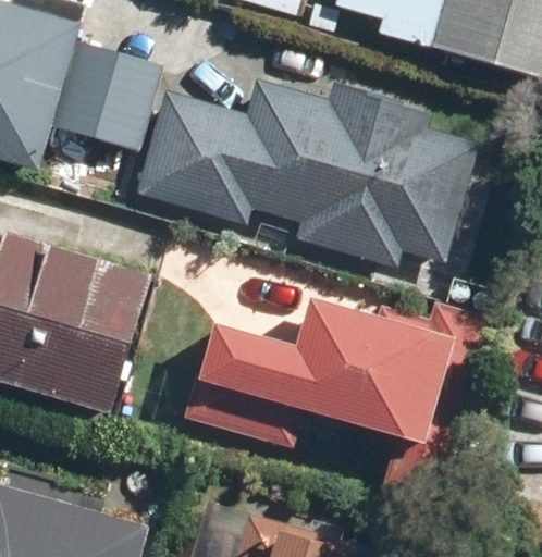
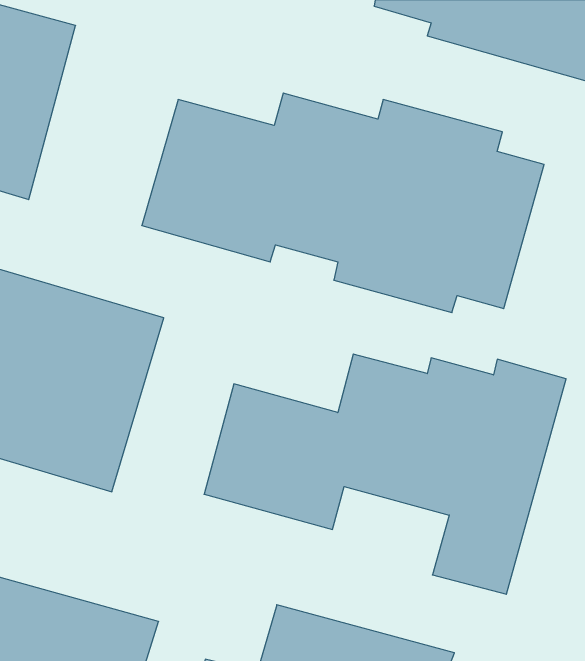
building: [54,41,162,151] -> none

